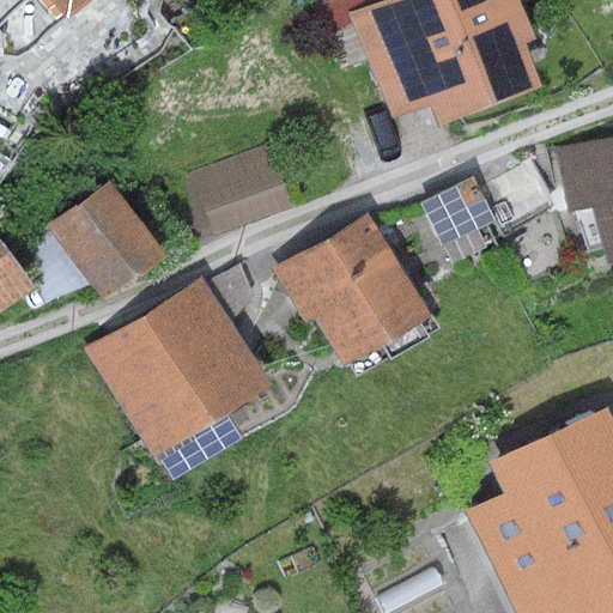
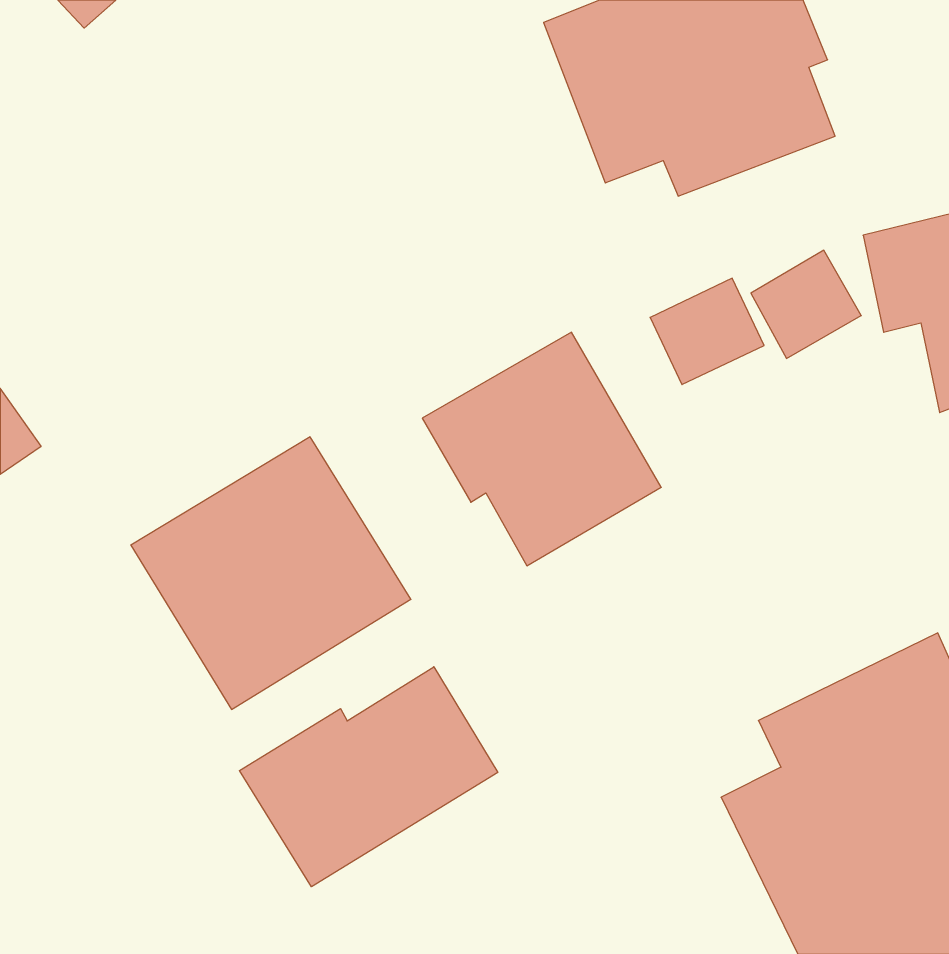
building: [193,146,292,236] -> none
building: [47,181,160,298] -> none
building: none -> [239,667,498,887]

